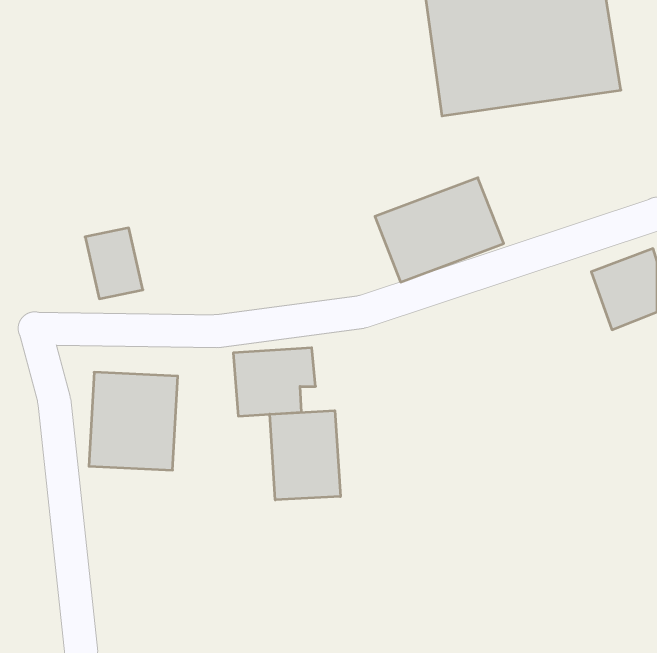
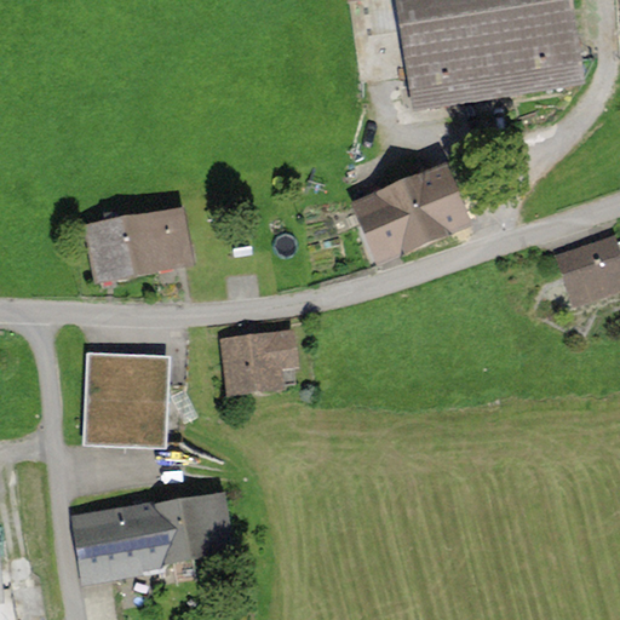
building: none -> [121,201,195,272]
building: [270,411,340,500] -> none
building: none -> [76,504,226,582]

